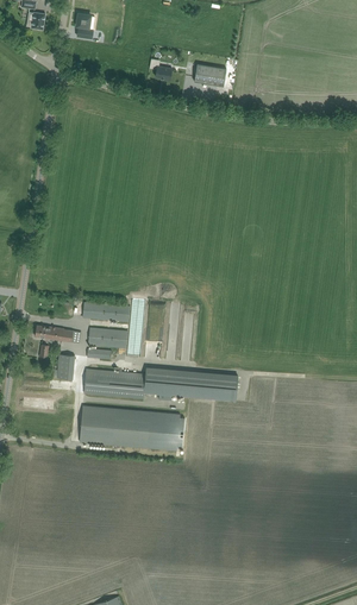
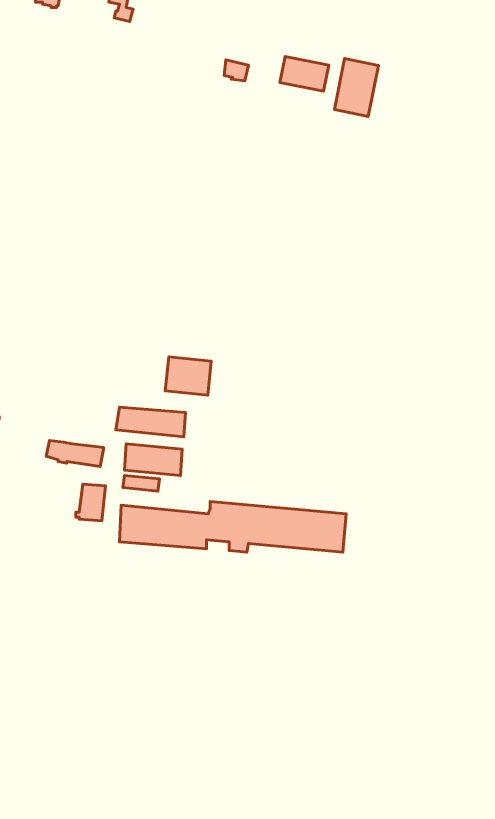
building: none -> [334,59,378,116]
building: none -> [165,357,211,395]
building: [79,405,186,450] -> none

